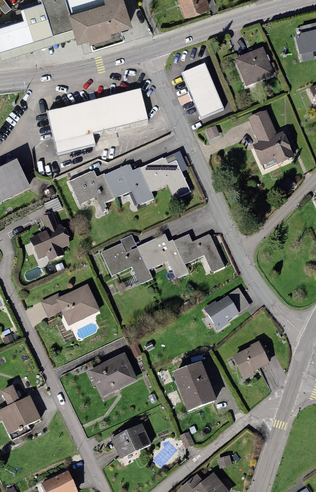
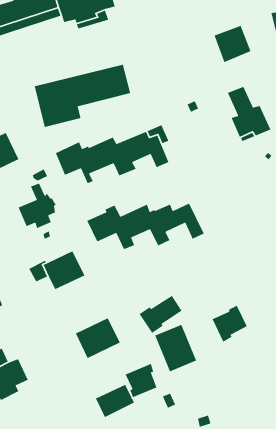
building: [180,62,224,119] -> none
building: [203,289,249,330] -> [139,295,183,334]
building: none -> [124,363,157,398]

